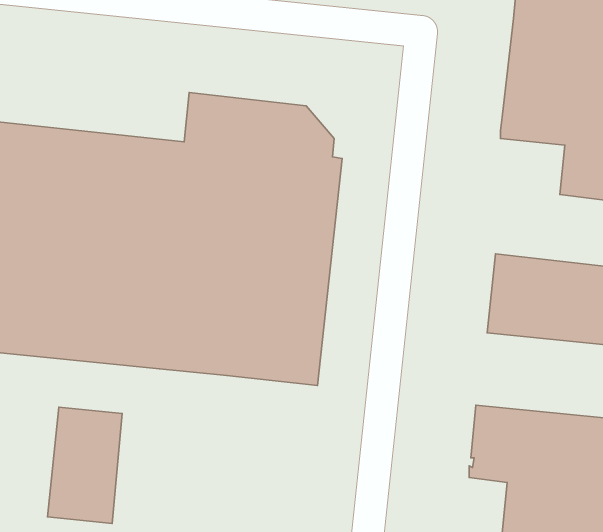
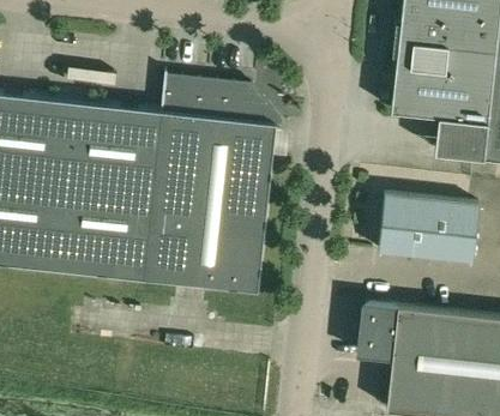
building: [48,407,122,523] -> none

